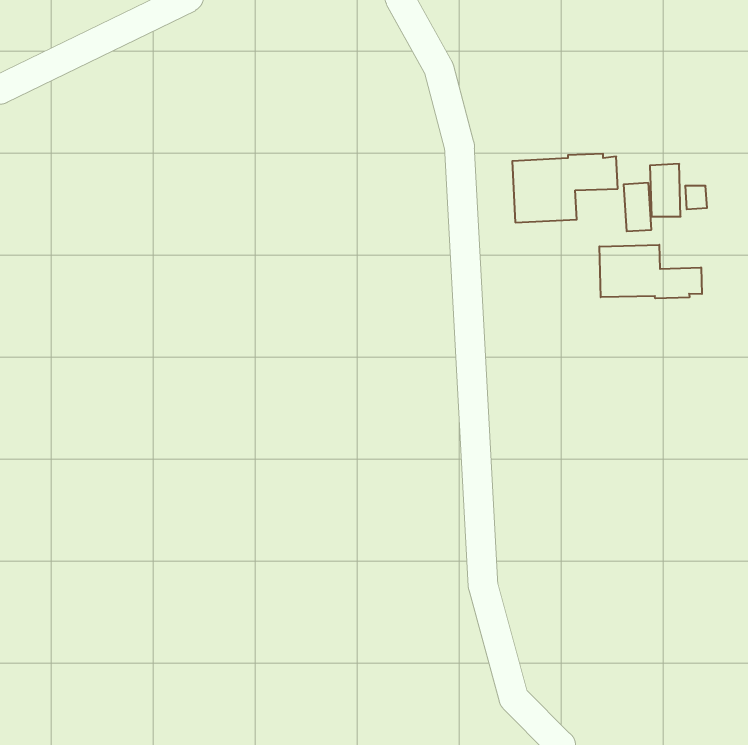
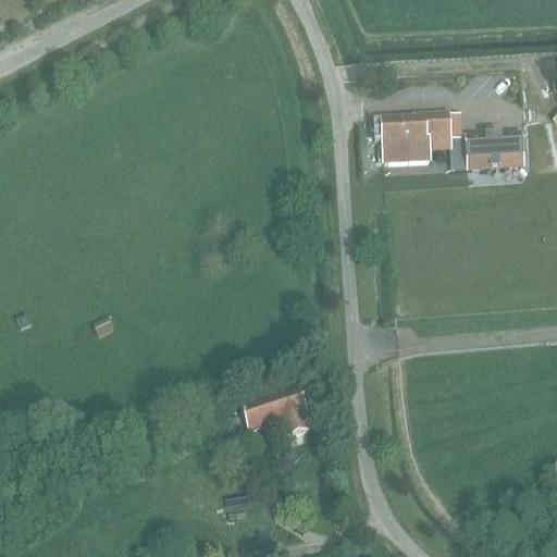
building: [599,245,702,298] -> none
building: none -> [243,388,310,435]

